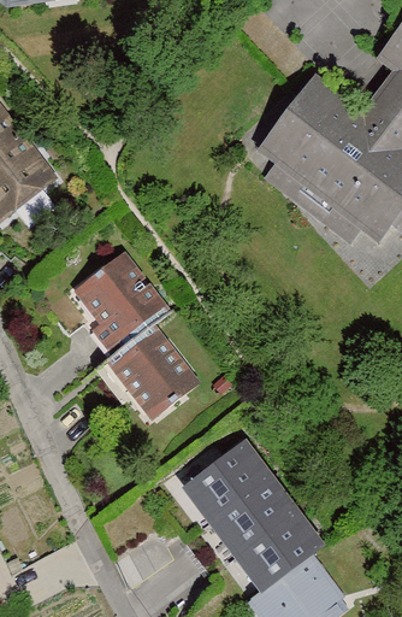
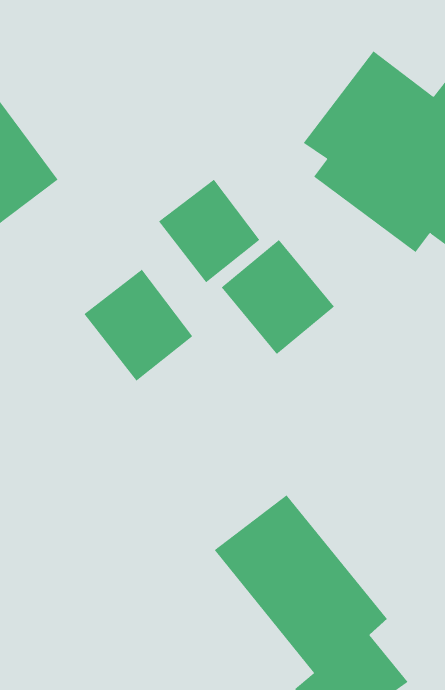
building: none -> [158,179,260,283]
building: [106,324,200,419] -> [221,239,335,355]

